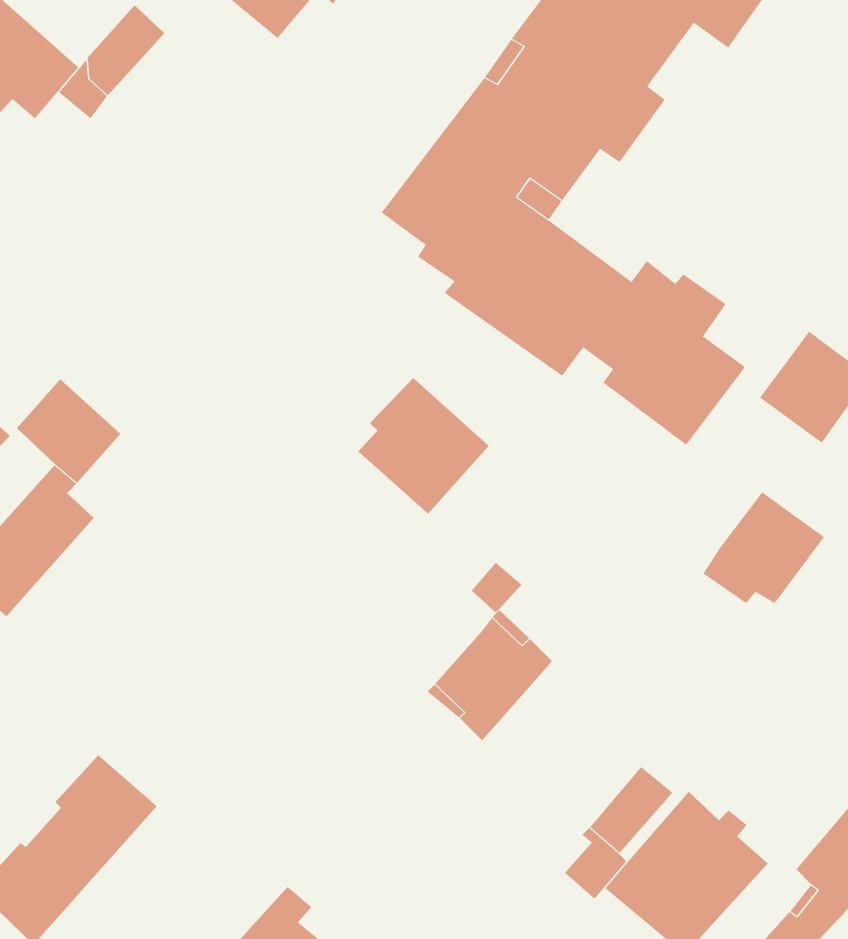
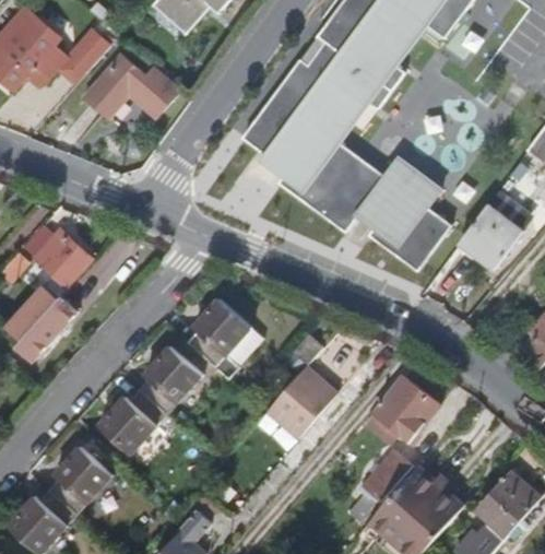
building: none -> [81,52,179,117]
building: [358,377,489,515] -> [188,298,263,377]
building: [702,491,825,604] -> [368,379,438,444]
building: none -> [98,344,204,455]

